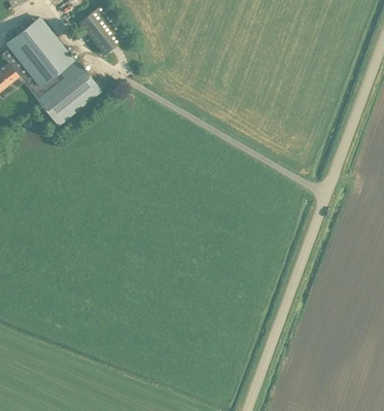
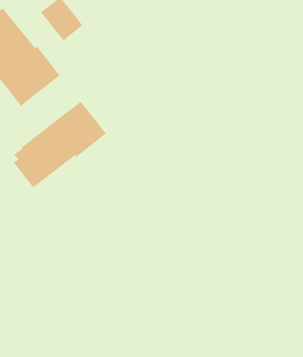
building: none -> [13,101,107,188]

